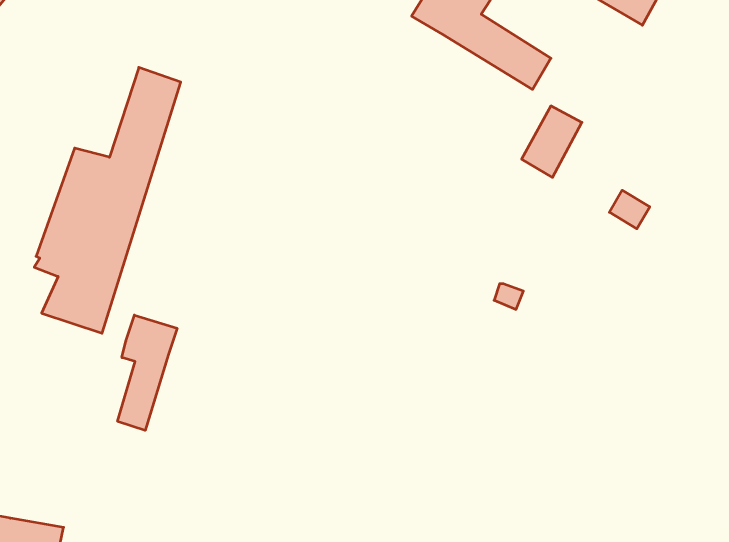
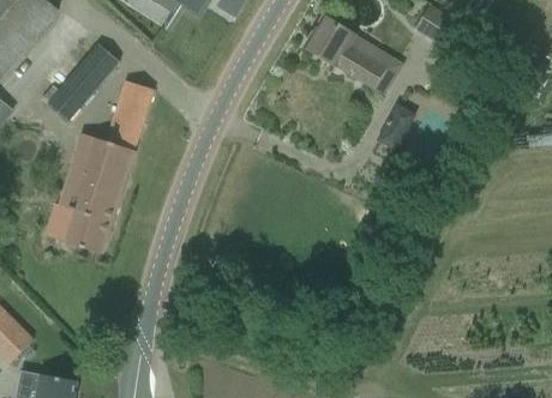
building: none -> [47,44,119,122]
building: [118,315,177,430] -> none

